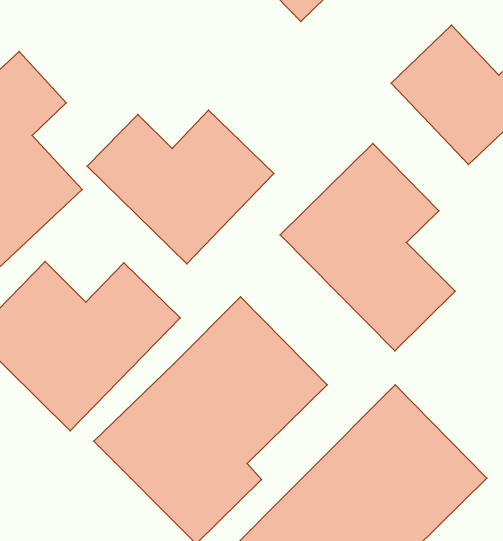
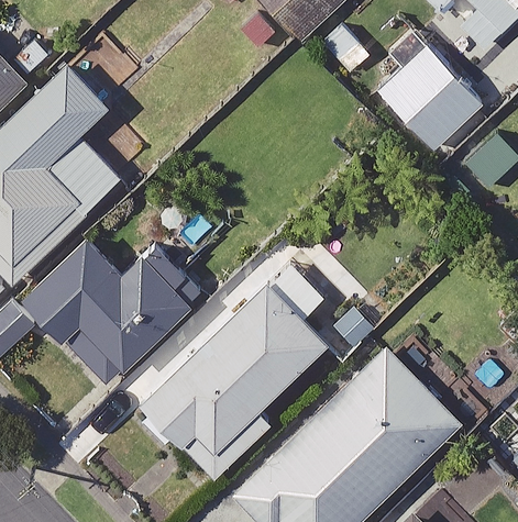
building: [87,110,274,264] -> none
building: [280,144,455,351] -> none

